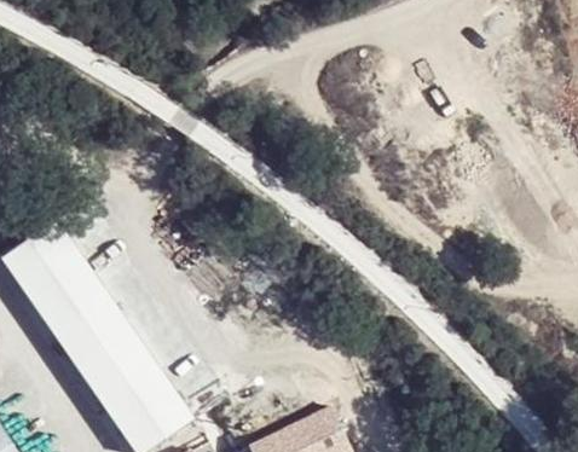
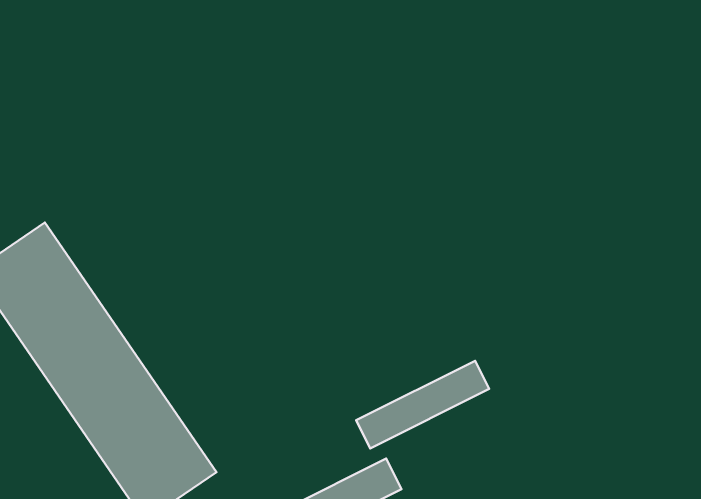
building: none -> [356,361,489,448]

